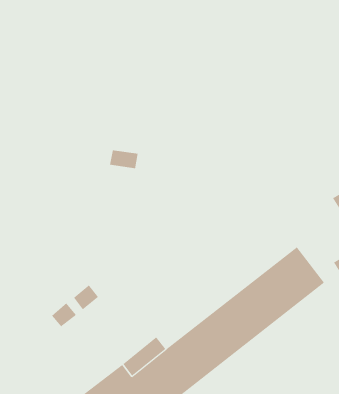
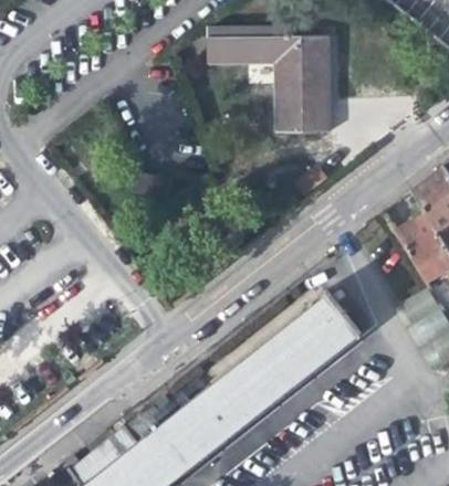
building: none -> [207,29,330,131]

